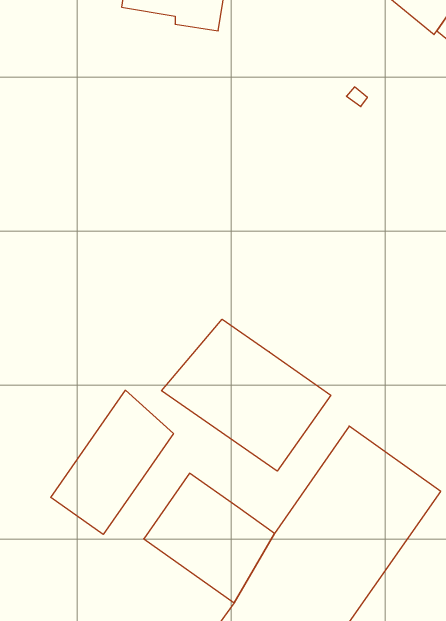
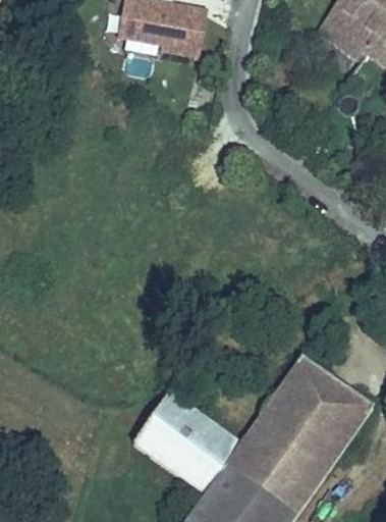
building: [162,319,331,471] -> none
building: [51,390,173,534] -> none

